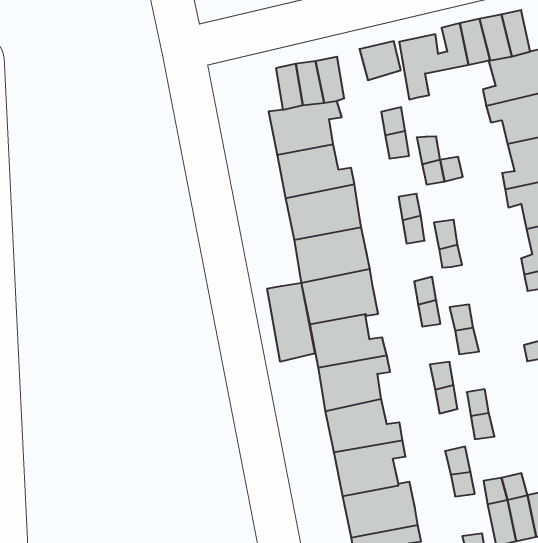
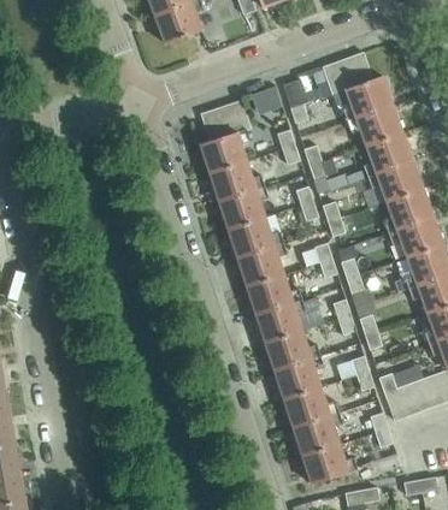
building: [267,283,315,362] -> none

